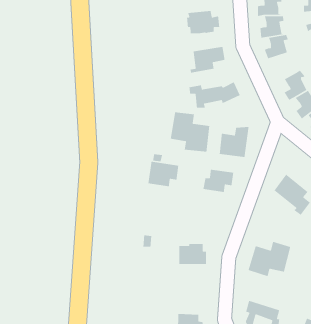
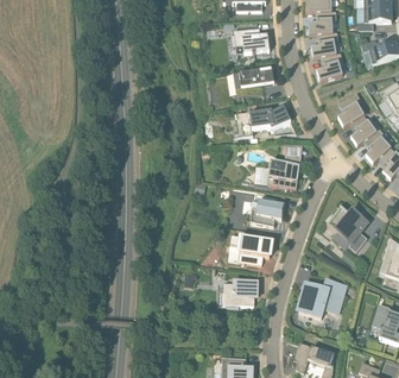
building: [170,111,210,153] -> none
building: [148,161,179,187] -> [238,235,272,264]

